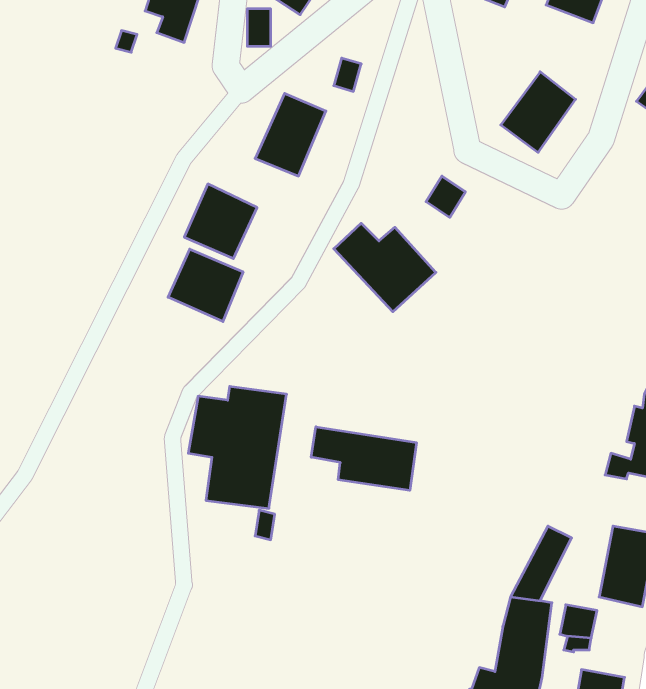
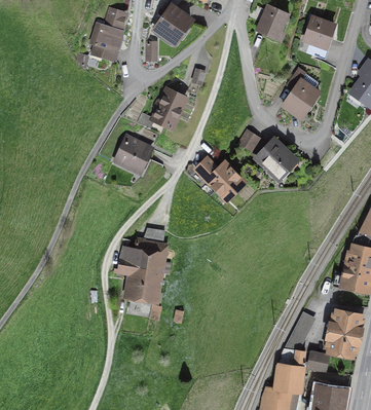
building: none -> [251,135,295,179]
building: [168,249,243,322] -> none
building: [311,427,416,490] -> none

